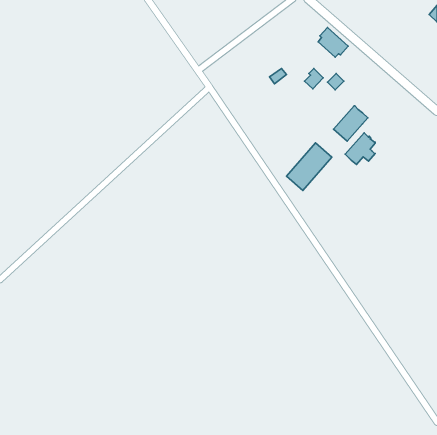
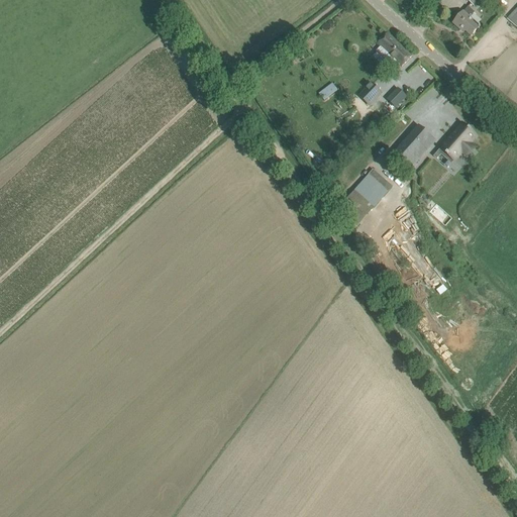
building: none -> [452,5,480,34]
building: [345,133,375,165] -> [440,122,476,160]

